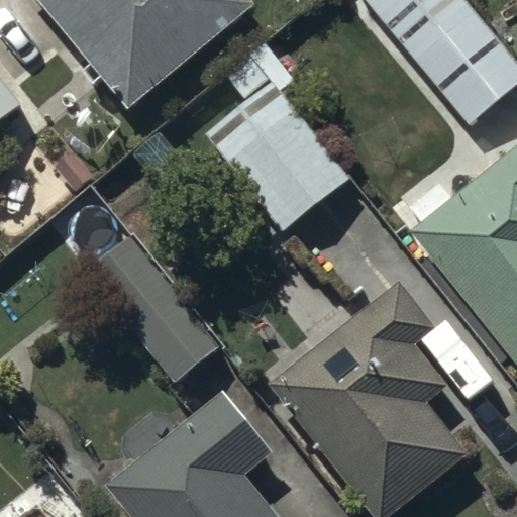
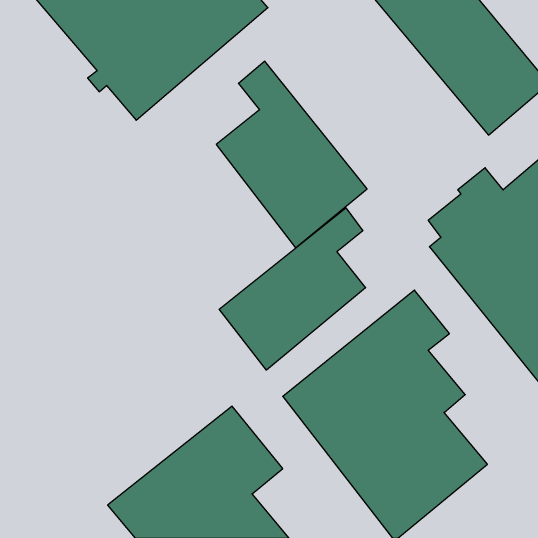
building: none -> [219,208,366,370]
building: [85,232,219,380] -> none

